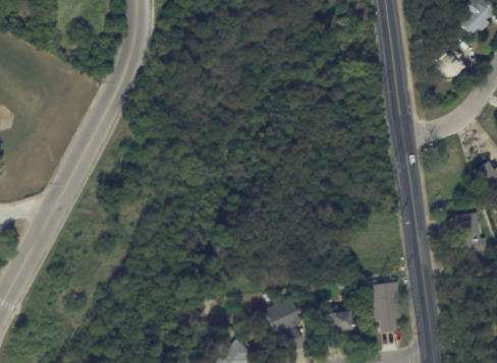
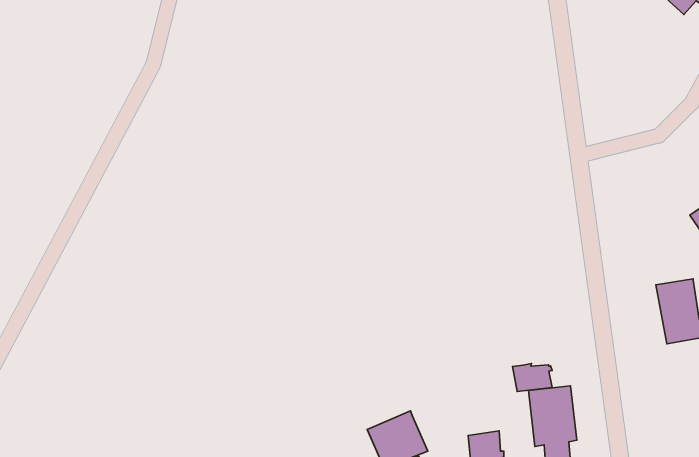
building: [431,47,462,79] -> none
building: none -> [513,363,552,391]

